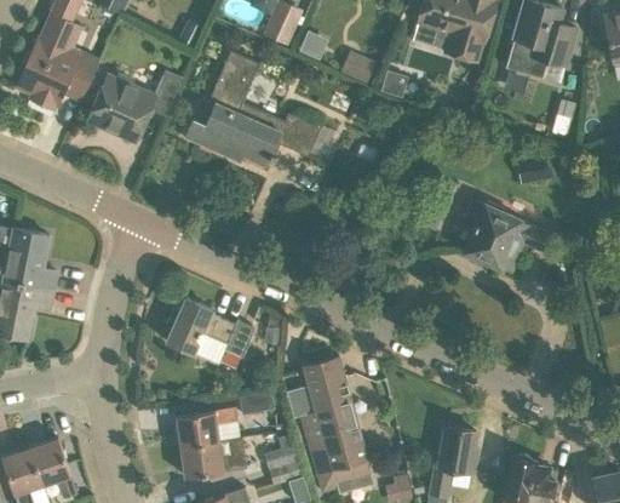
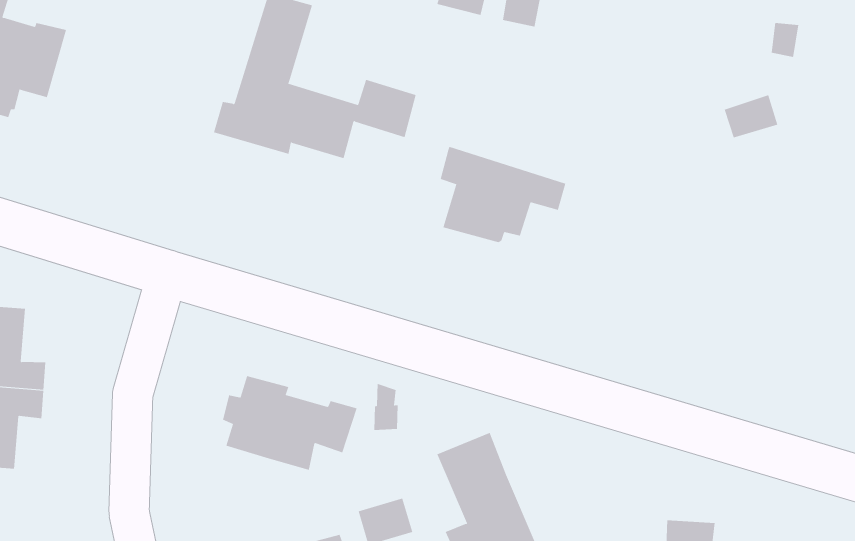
building: [87,75,178,141] -> none
building: [464,199,547,265] -> [440,146,566,243]

